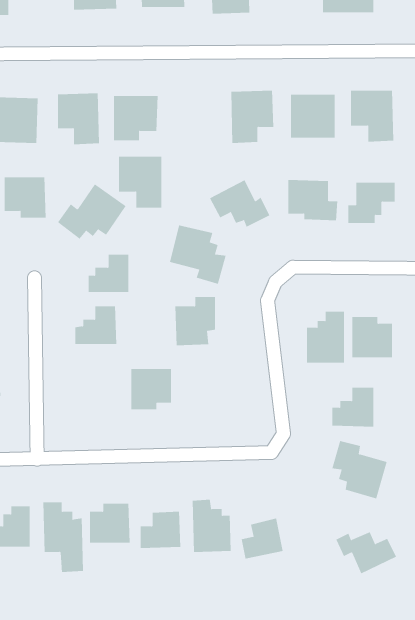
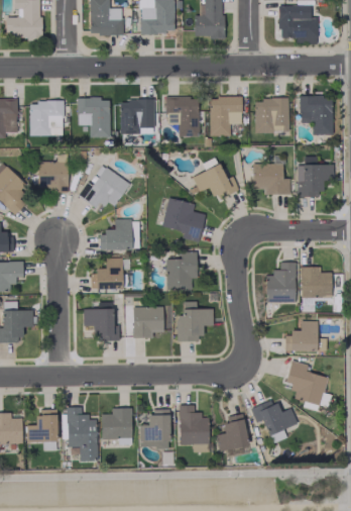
building: [118,156,162,208] -> [165,97,199,136]
building: none -> [177,301,214,341]
building: none -> [83,309,120,340]
building: [335,532,397,574] -> [251,404,298,436]

